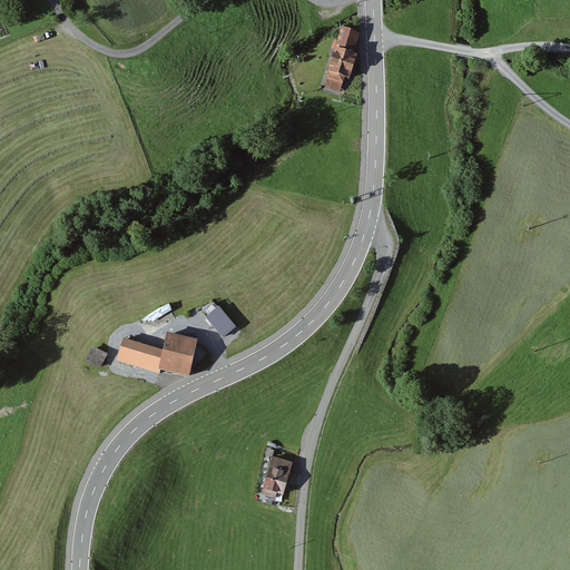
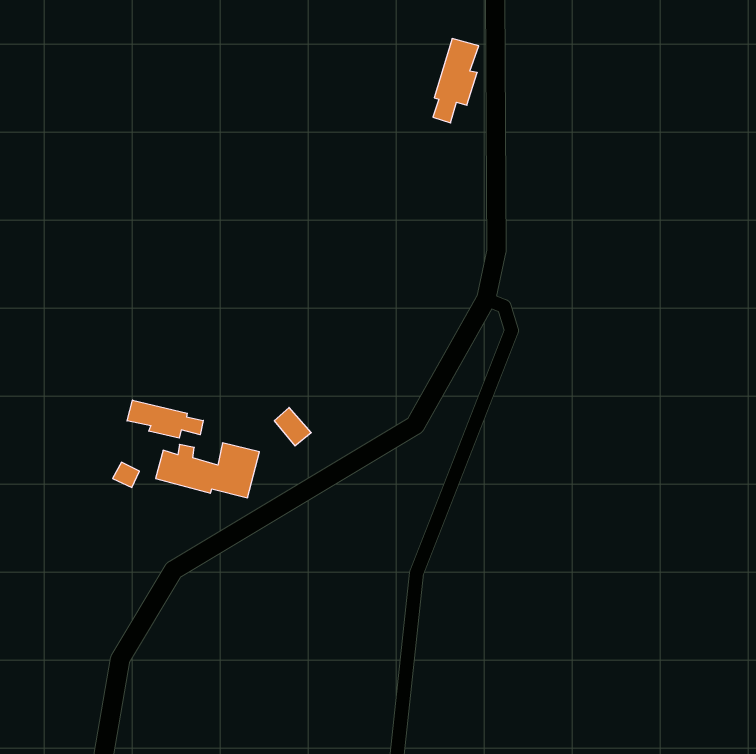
building: none -> [127,400,203,438]
building: [263,455,292,497] -> none

